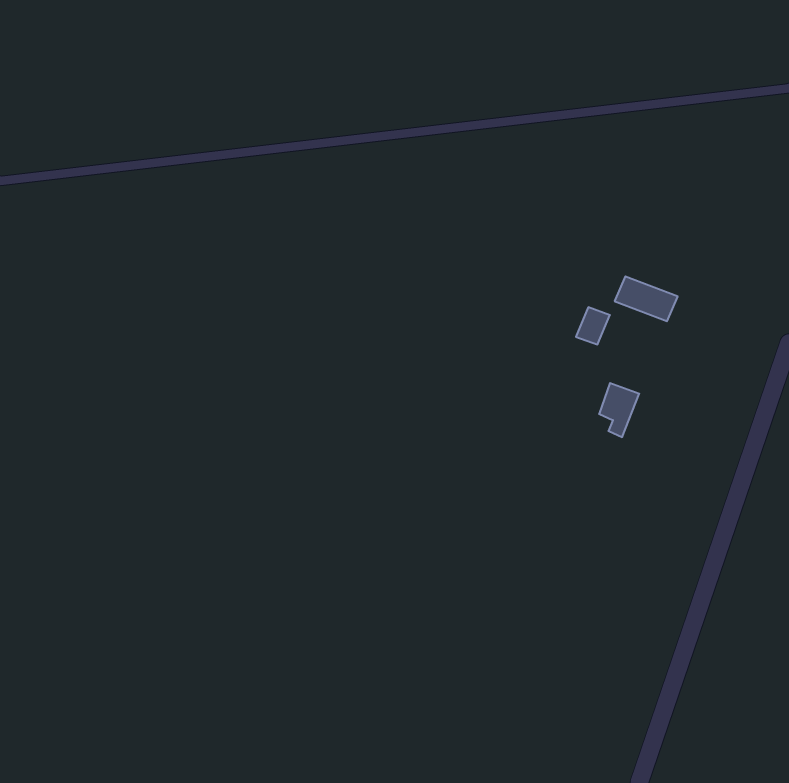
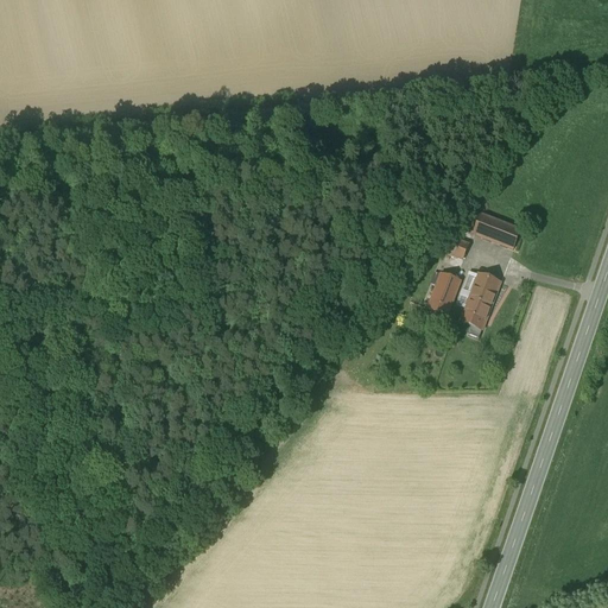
building: none -> [429,272,461,314]
building: none -> [469,272,500,303]

